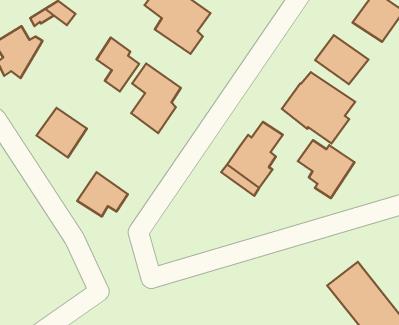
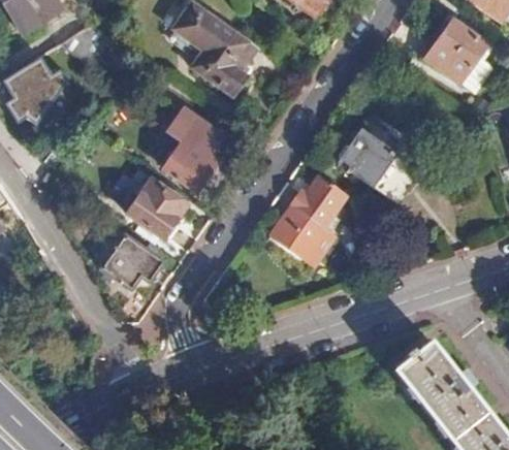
building: [315,35,369,84] -> none
building: [96,37,139,92] -> none
building: [36,108,87,157] -> [126,179,186,237]
building: [298,140,354,198] -> none

